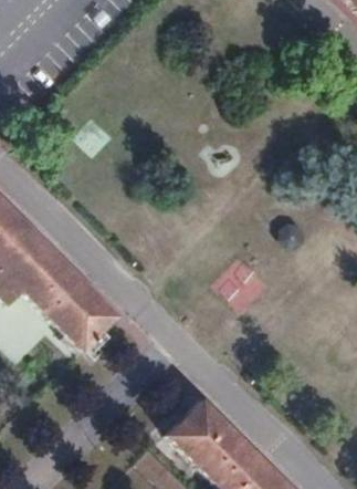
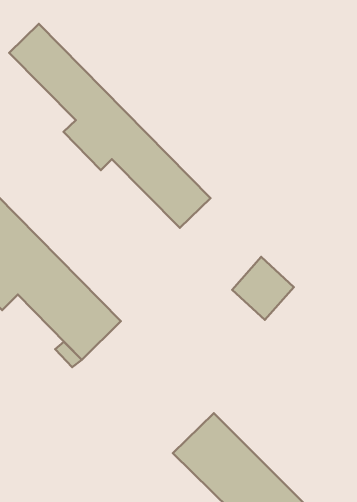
building: none -> [9,24,211,228]

